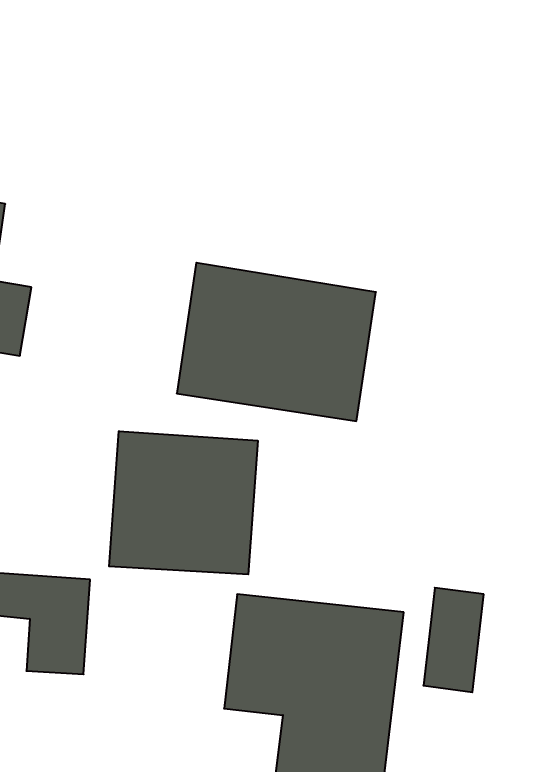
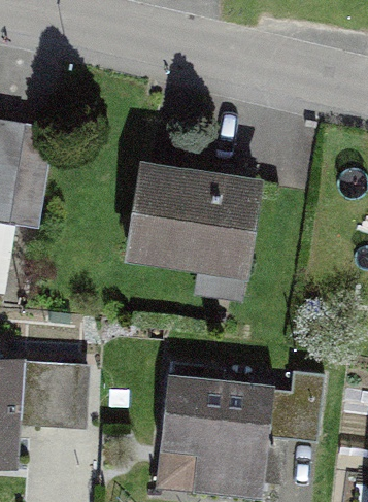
building: [109,431,258,574] -> none

